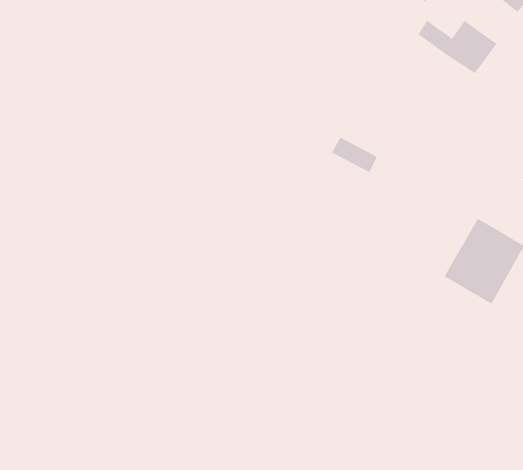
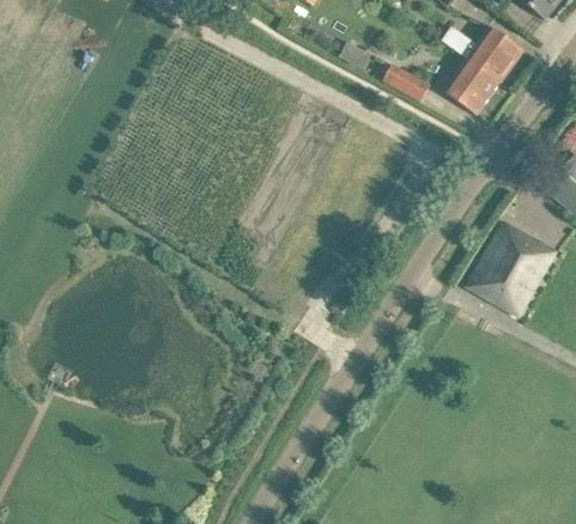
building: none -> [444,59,502,114]
building: [331,137,378,173] -> [383,63,431,100]

